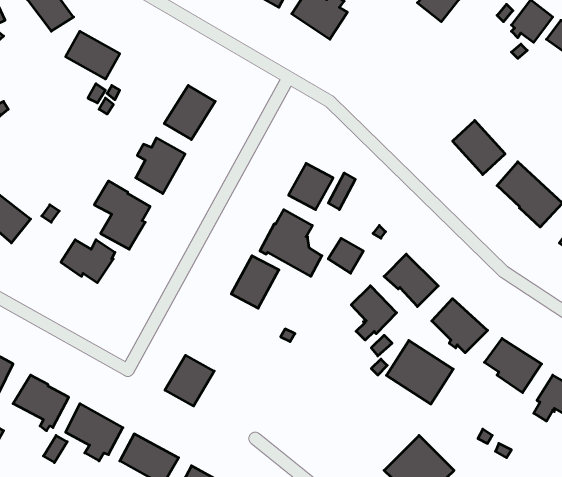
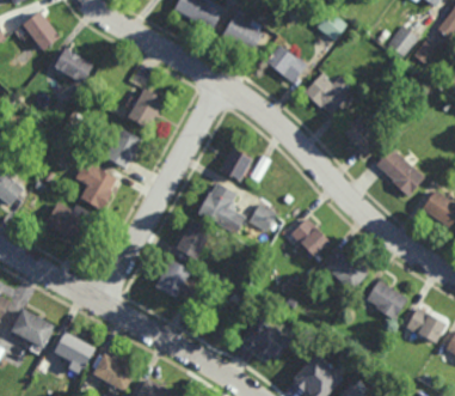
building: none -> [265,45,306,84]
building: none -> [302,73,351,115]
building: [351,286,397,340] -> none
building: [386,340,453,404] -> [240,316,290,364]
building: [165,355,214,406] -> [154,257,191,296]

